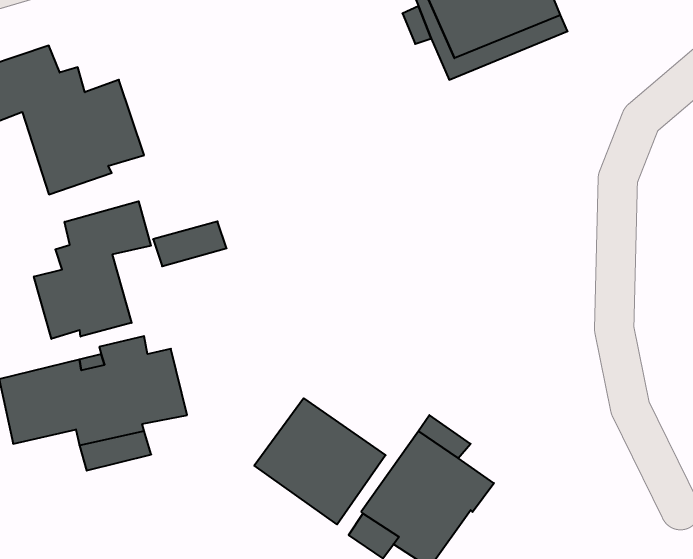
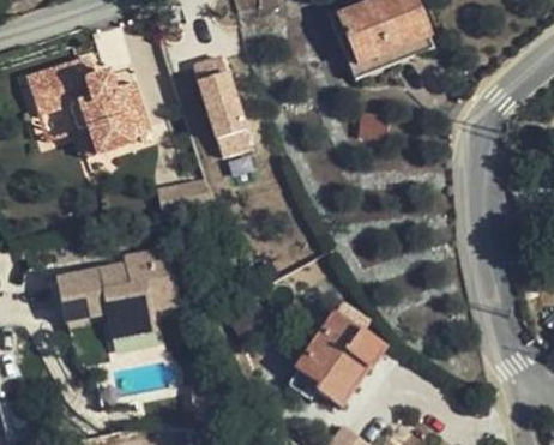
building: none -> [198,52,247,155]
building: [34,201,151,339] -> none
building: [254,398,386,524] -> none

